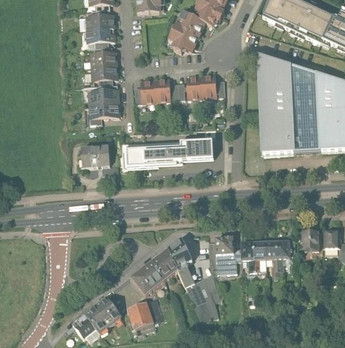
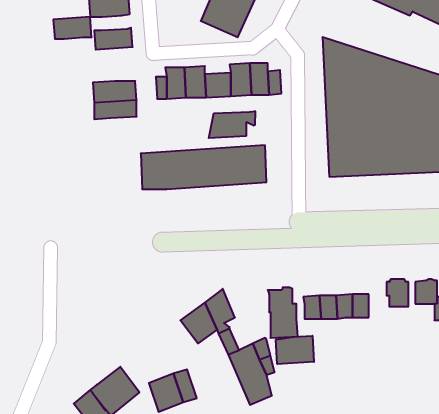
building: [90,68,118,84] -> [53,17,92,39]
building: none -> [209,111,255,138]
building: [80,150,111,170] -> none
building: [133,268,165,300] -> none
building: none -> [276,336,314,364]

